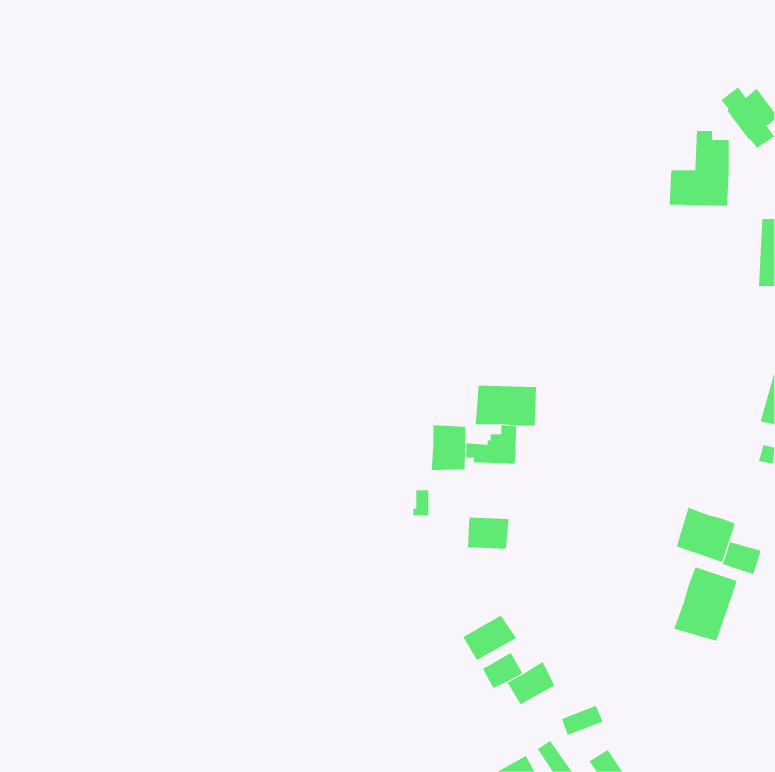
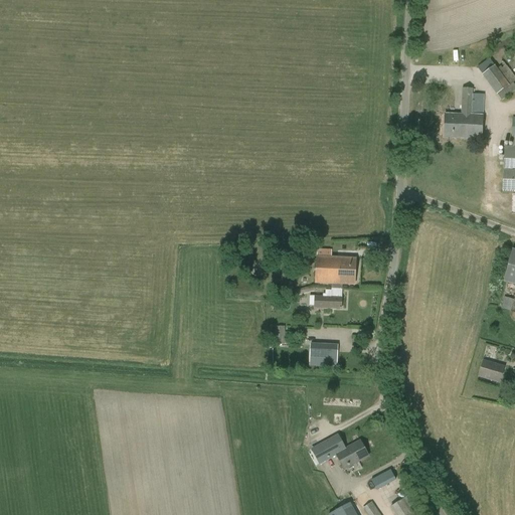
building: [431,424,466,471] -> none
building: [676,507,735,563] -> none
building: [673,566,737,642] -> none
building: [463,615,517,661] -> none

